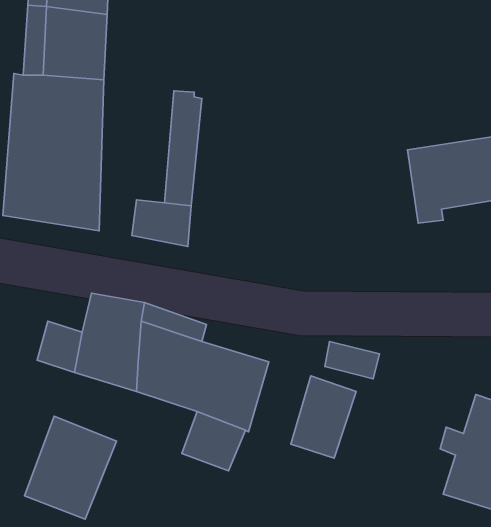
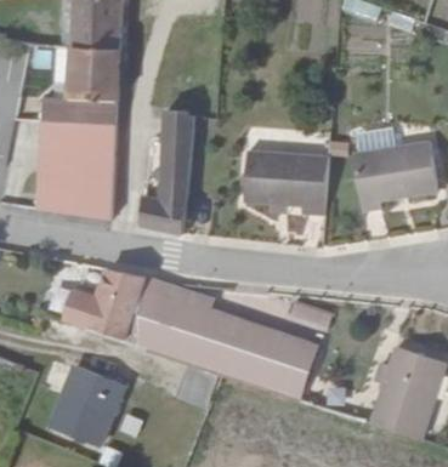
building: none -> [240,152,328,216]
building: none -> [229,320,278,385]

